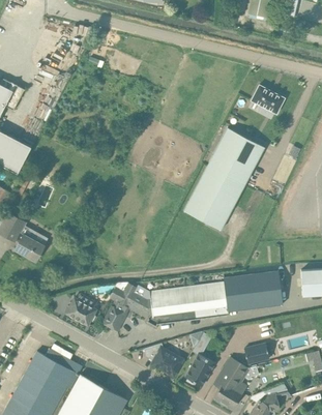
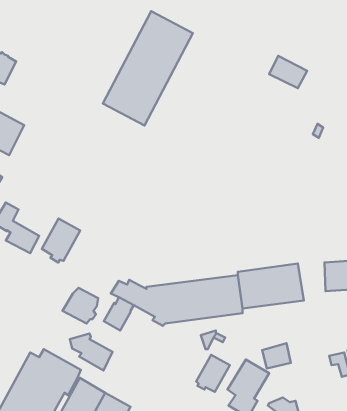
building: [183,128,264,231] -> [103,11,193,126]
building: none -> [42,219,80,262]
building: [144,343,182,376] -> [70,333,113,370]

